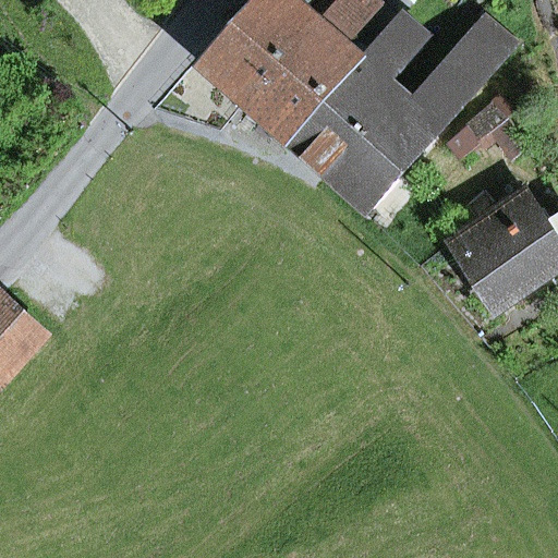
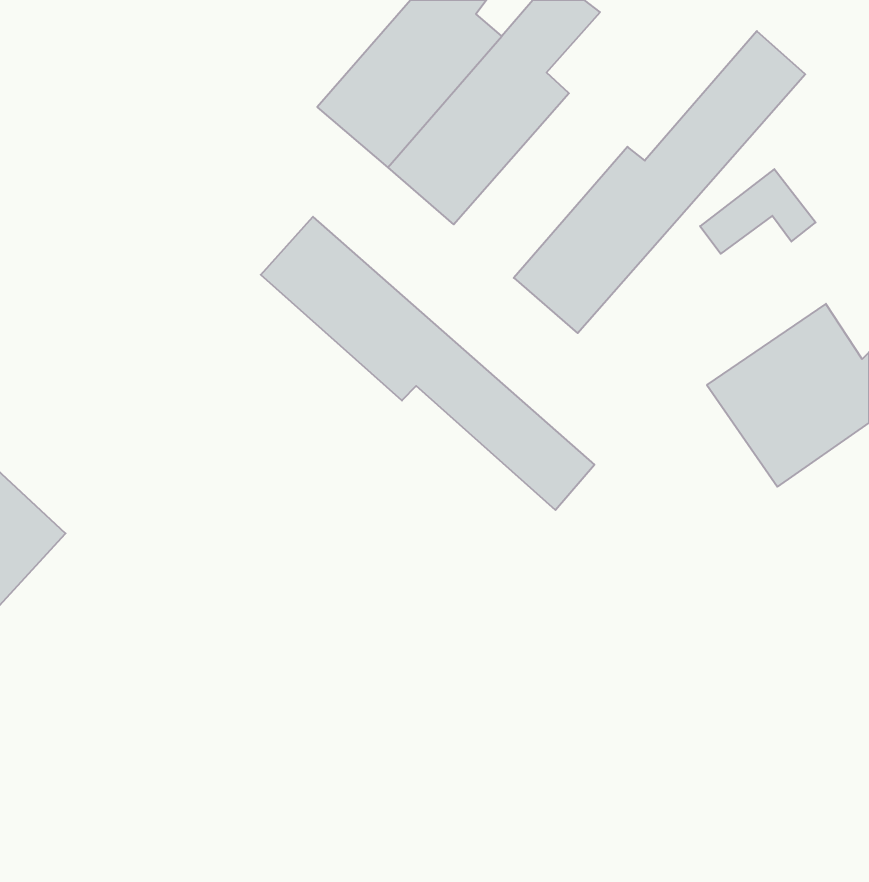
building: [287,16,425,175] -> none
building: none -> [261,217,594,510]

